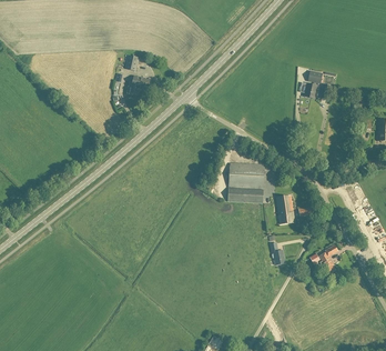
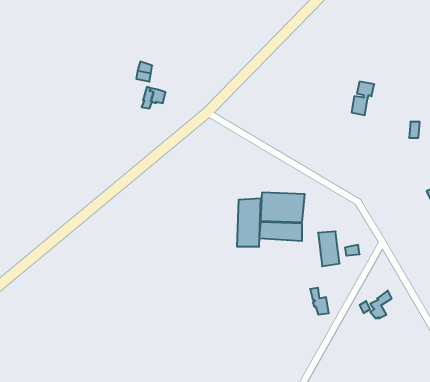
building: none -> [237,198,261,247]

